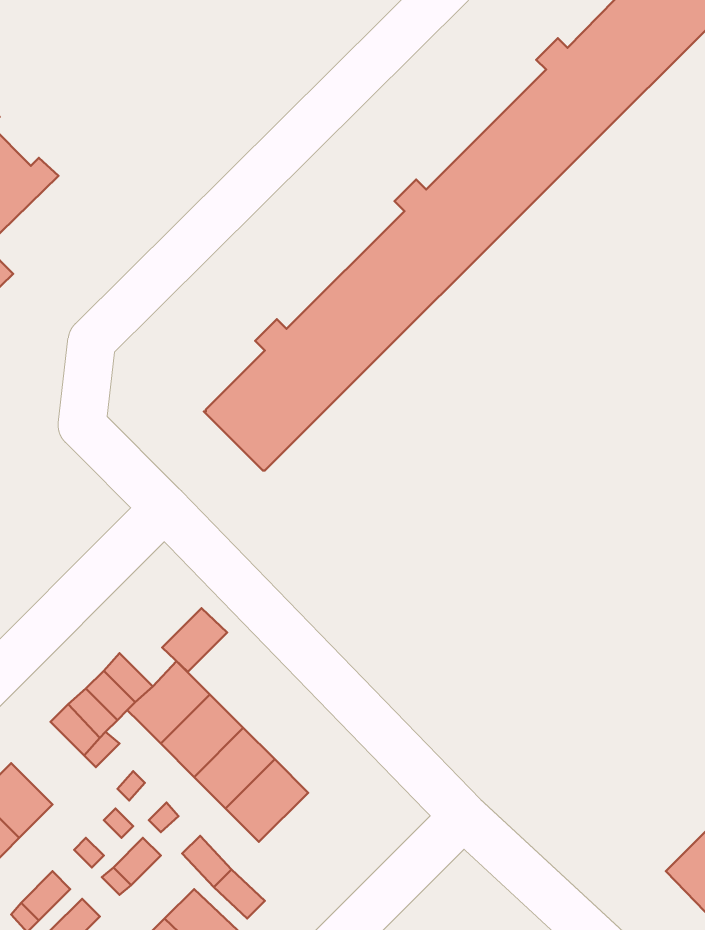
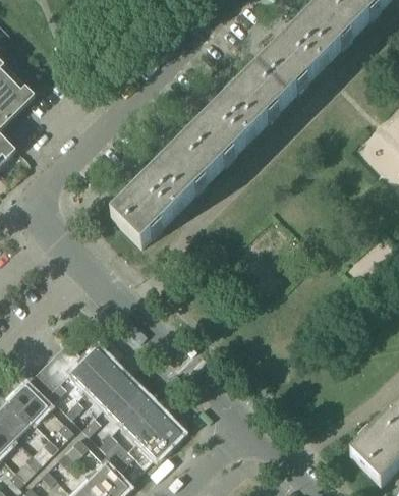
building: [162,608,227,672] -> none
building: none -> [10,382,47,419]
building: none -> [138,412,181,455]

